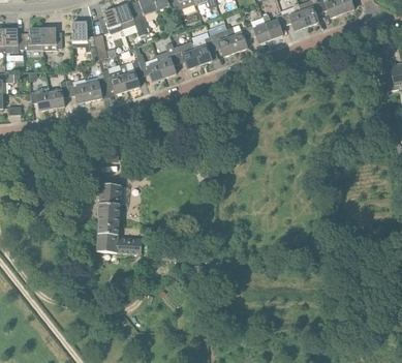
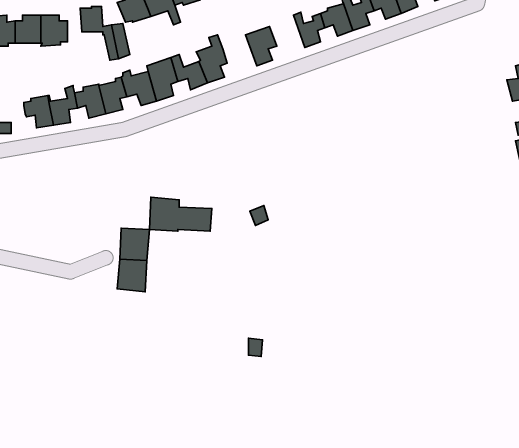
building: [210,28,236,57] -> none
building: [174,41,200,69] -> none
building: [97,229,143,253] -> [150,197,212,231]

